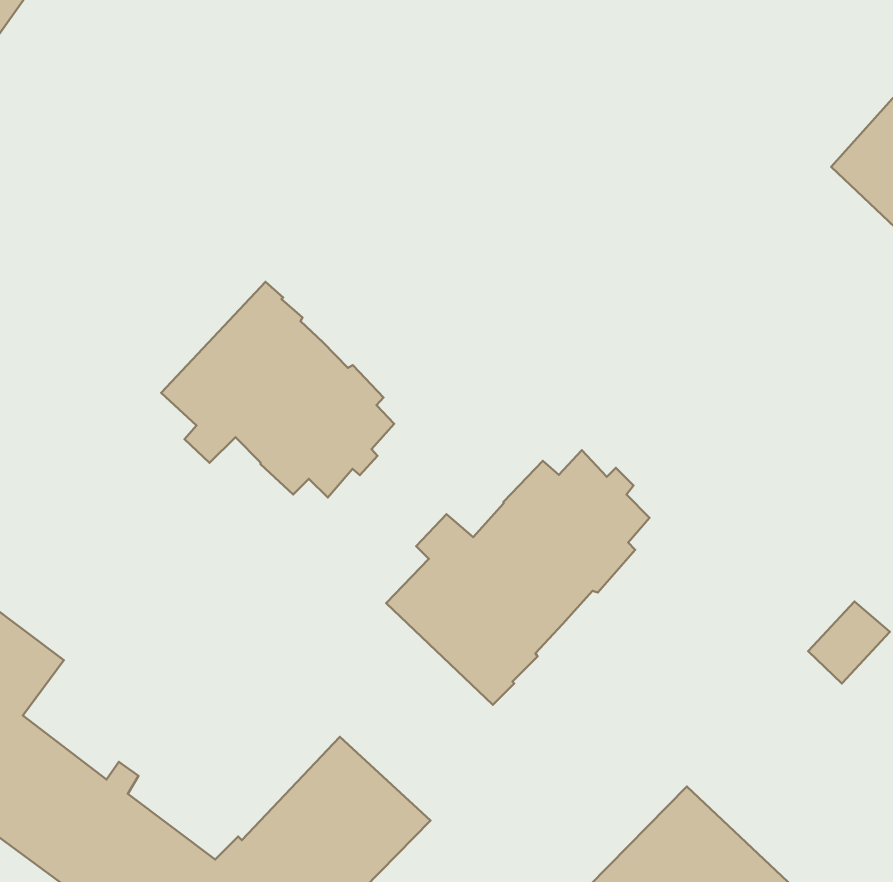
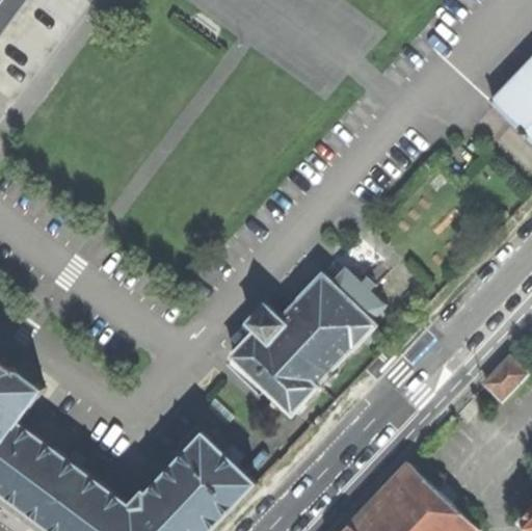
building: [161,282,394,497] -> none

